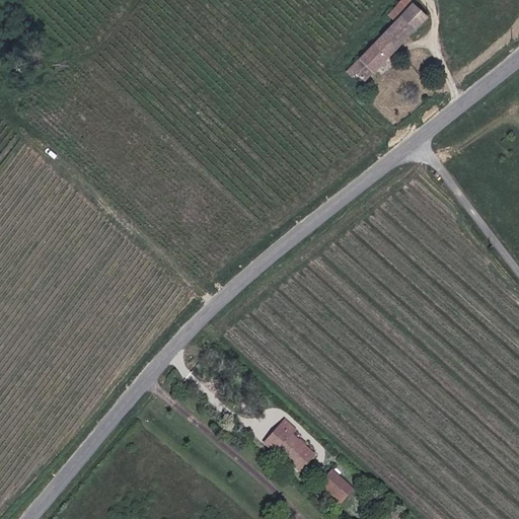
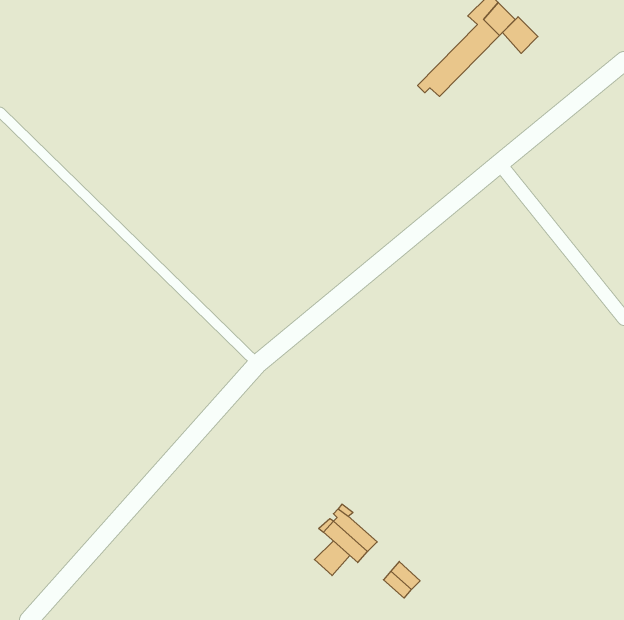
building: none -> [502,17,538,53]
building: none -> [314,541,350,576]

